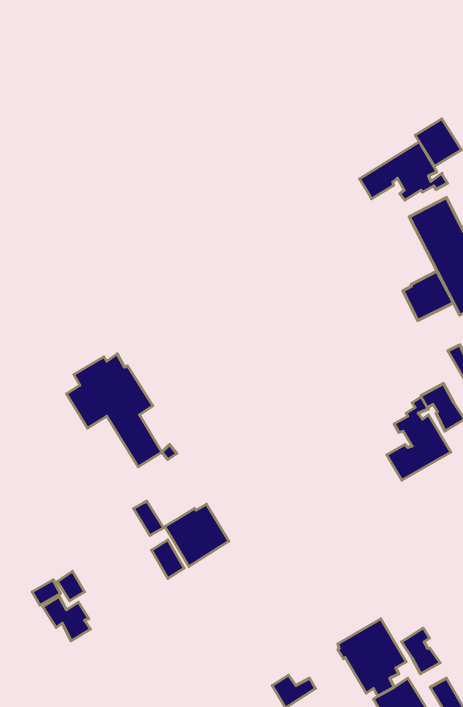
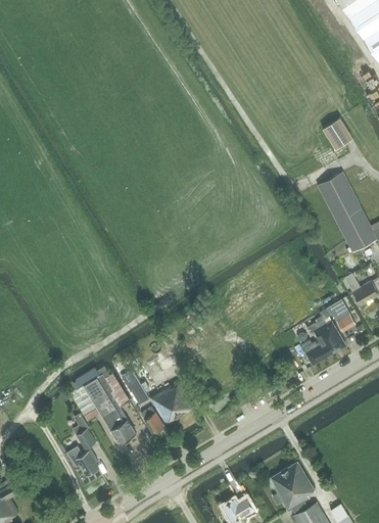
building: [360,142,447,200] -> none
building: [403,271,454,320] -> none
building: [67,354,162,467] -> [70,366,136,443]
building: [402,628,440,674] -> none

